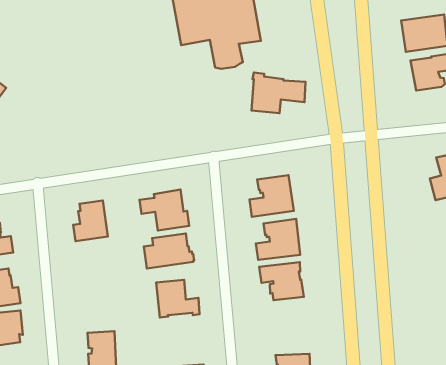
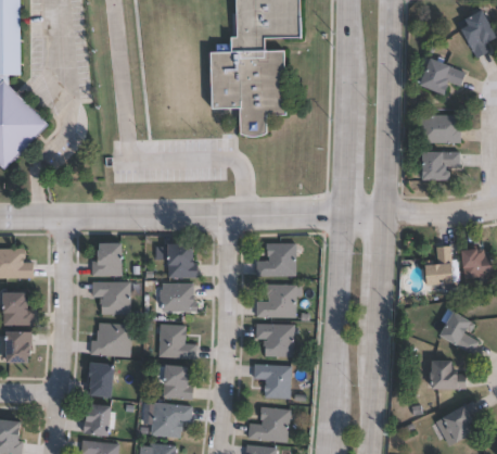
building: [251,72,306,113] -> none
building: none -> [91,282,130,314]
building: none -> [90,323,131,357]
building: none -> [253,364,292,400]
building: none -> [156,364,193,400]

